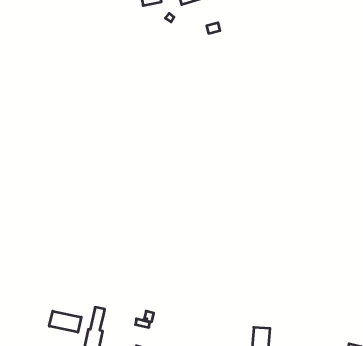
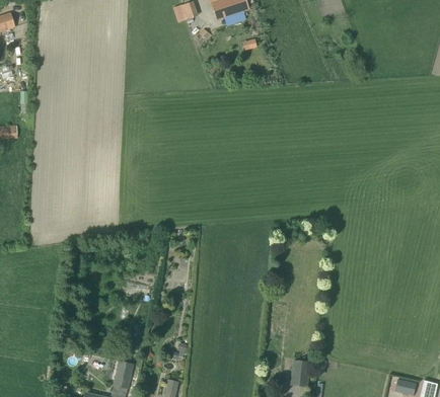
building: [49,311,81,332] -> none

